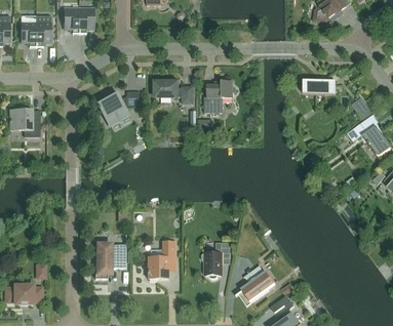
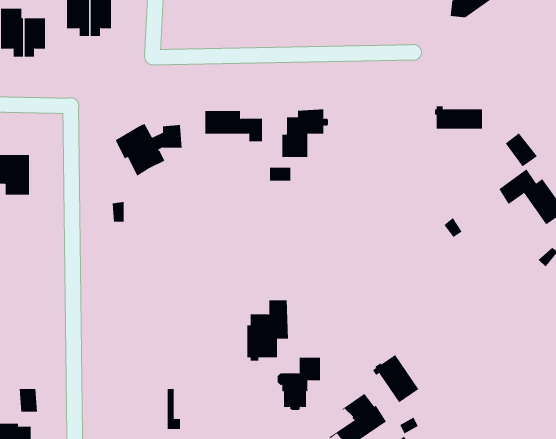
building: [148,240,175,280] -> [247,300,289,361]
building: none -> [372,354,419,403]
building: [94,242,126,281] -> none

